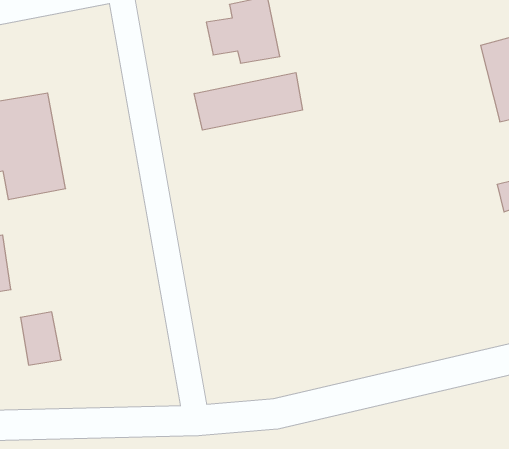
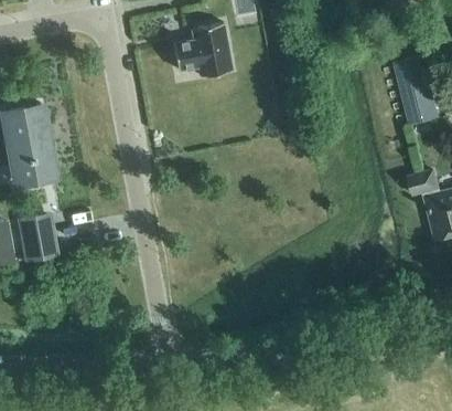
building: [194,73,302,130] -> none
building: [20,312,61,365] -> [22,217,55,260]

